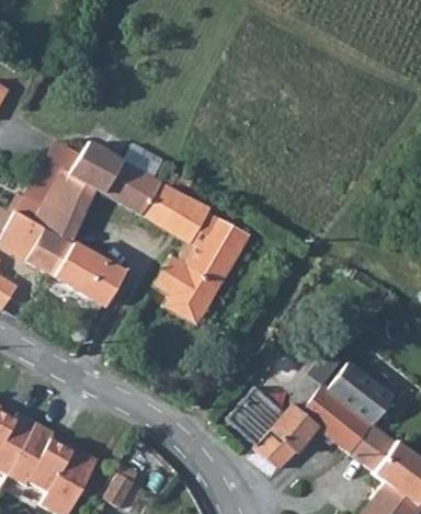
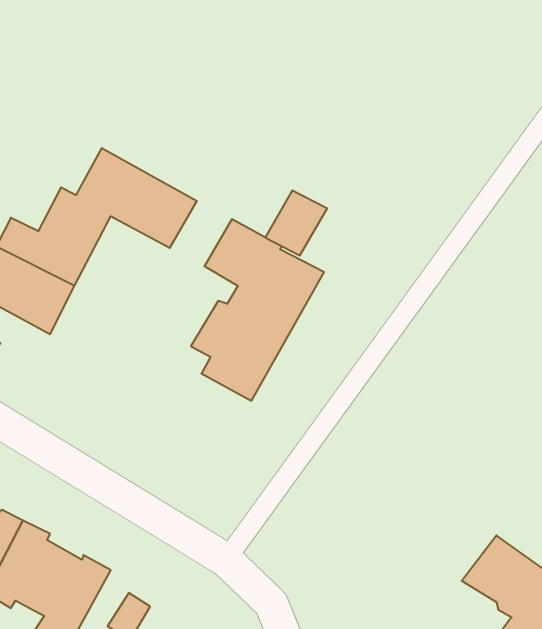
building: [139,181,184,228] -> [265,190,327,256]
building: [53,242,123,306] -> none
building: [228,362,395,469] -> none

